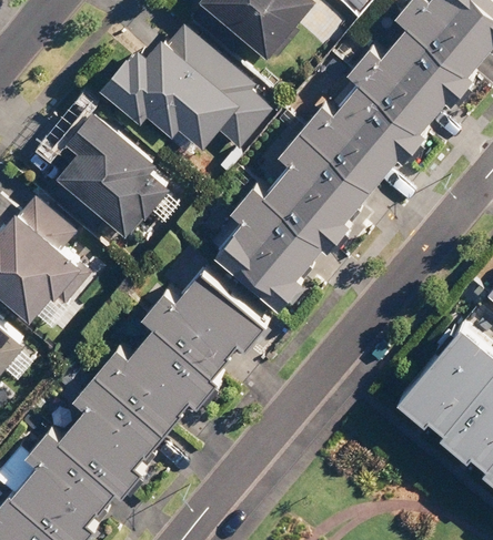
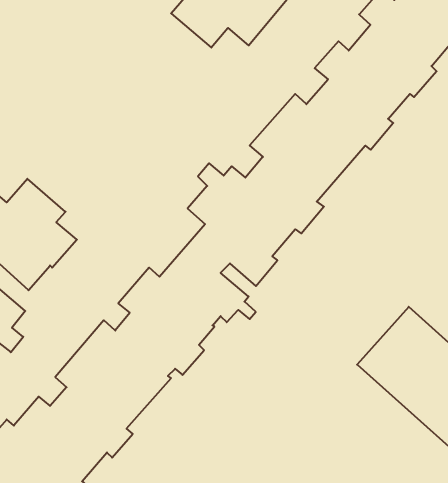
building: [108,22,275,152] -> none
building: [43,96,175,236] -> none

